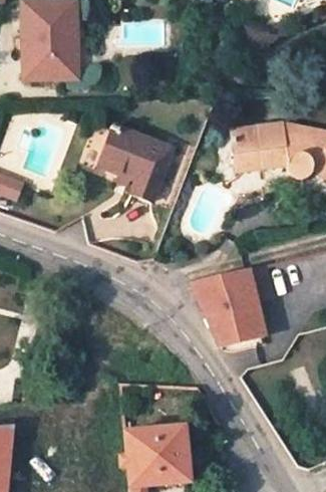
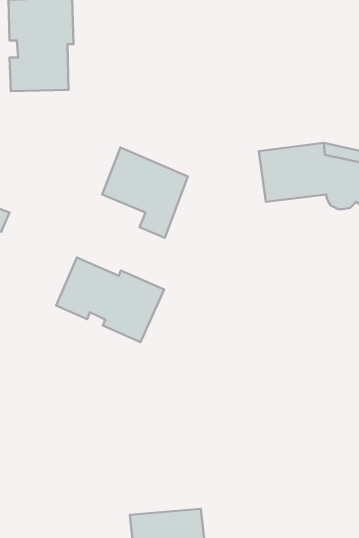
building: none -> [56,257,164,342]
building: [191,264,268,346] -> none

